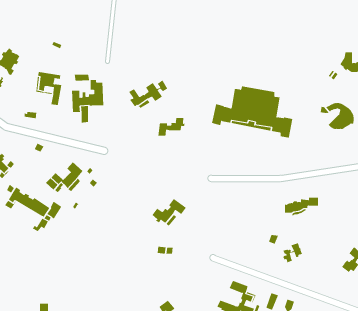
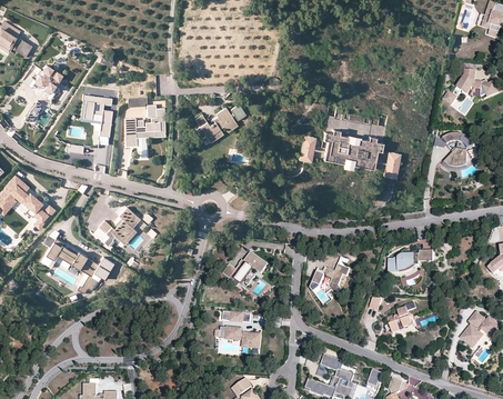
building: [158,117,185,137] -> none
building: none -> [310,263,350,293]
building: none -> [214,326,260,347]

